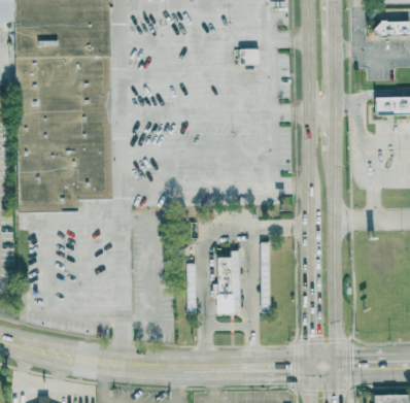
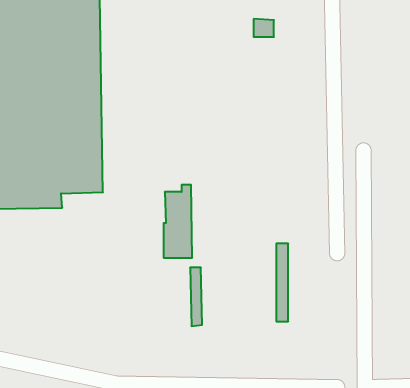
building: [215,249,240,312] -> [164,185,192,258]

